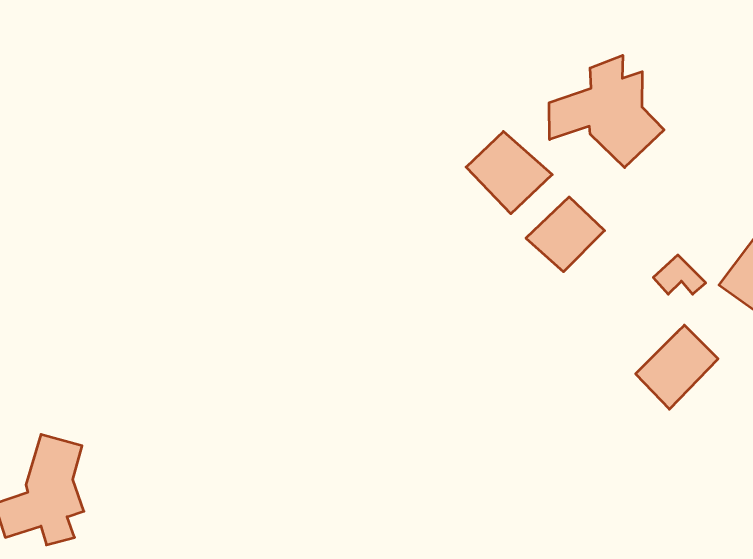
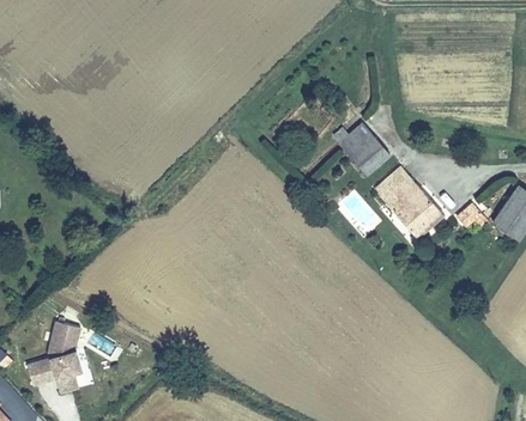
building: [549,55,664,168] -> none
building: [636,325,718,409] -> [392,184,445,238]

